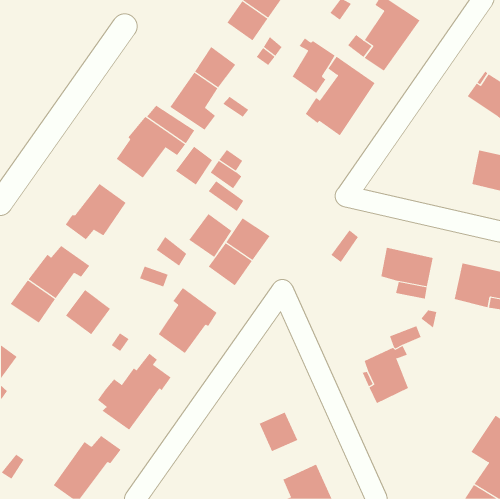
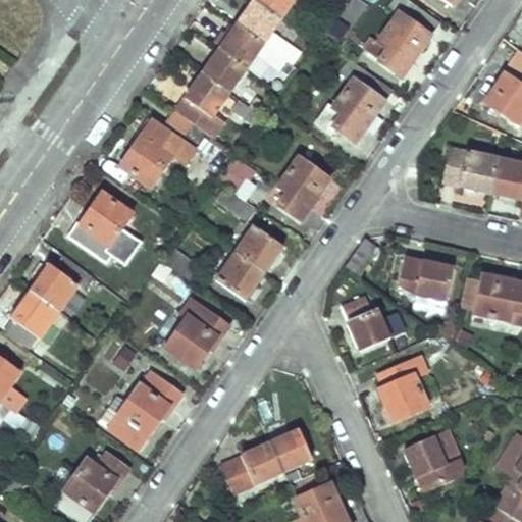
building: none -> [220,23,264,67]
building: [292,38,335,94] -> none
building: none -> [443,146,499,192]
building: [175,146,213,185] -> none
building: none -> [277,157,328,218]
building: [188,213,232,258] -> none
building: none -> [341,295,389,350]
building: [65,289,111,335] -> none
building: none -> [403,434,464,490]
building: none -> [223,440,283,490]

